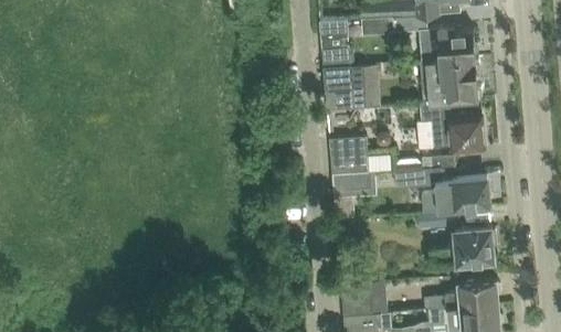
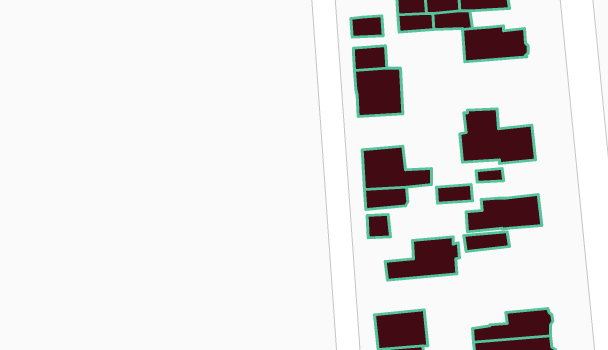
building: [420,56,481,104] -> none
building: [430,227,496,266] -> [385,237,459,280]

